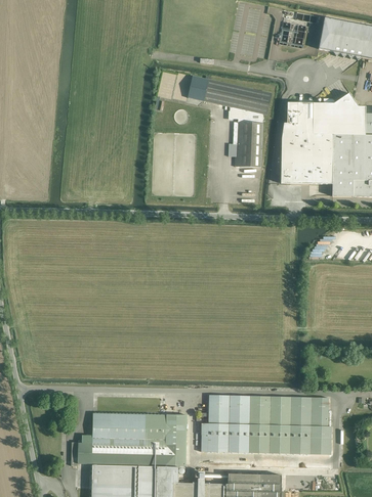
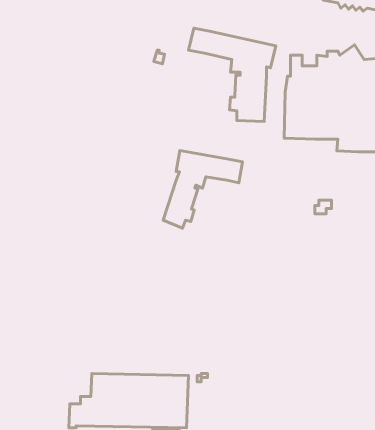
building: none -> [163,151,243,228]
building: [201,395,332,454] -> none

